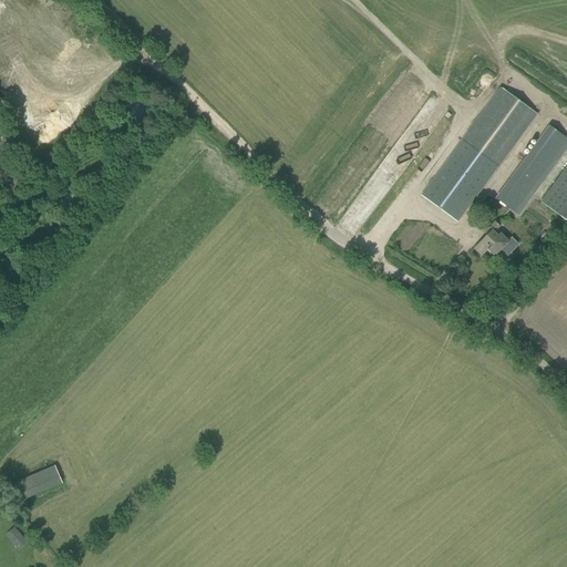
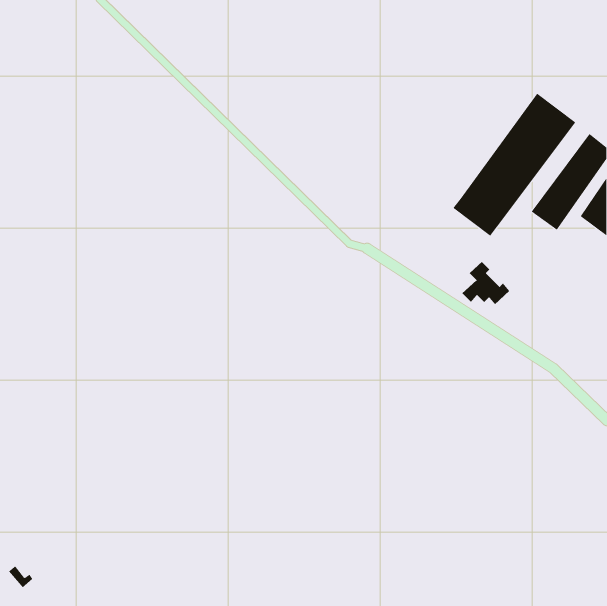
building: [473,217,518,258] -> [462,261,510,305]
building: [13,465,62,499] -> none

